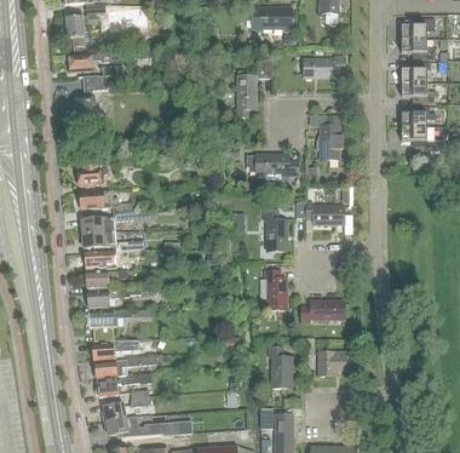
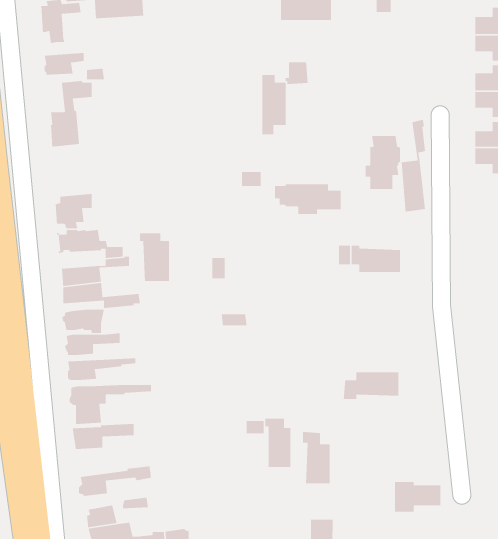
building: [304,56,345,76] -> none
building: none -> [401,119,426,213]
building: none -> [139,233,170,282]
building: [264,208,287,250] -> none
building: [265,270,286,309] -> [265,418,291,468]
building: [318,350,355,374] -> [394,481,441,513]
building: [93,354,156,377] -> none

